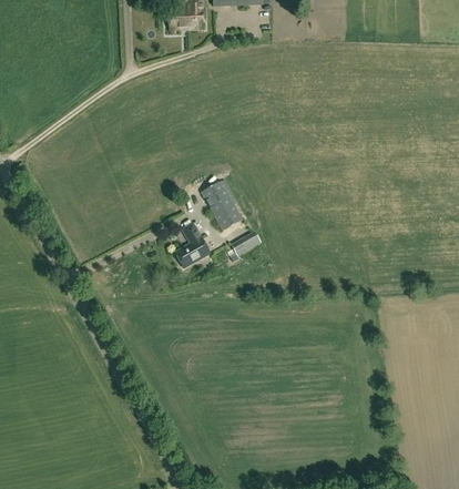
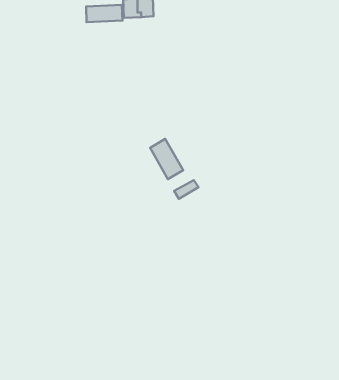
building: none -> [86,5,123,22]
building: [175,224,210,268] -> none

